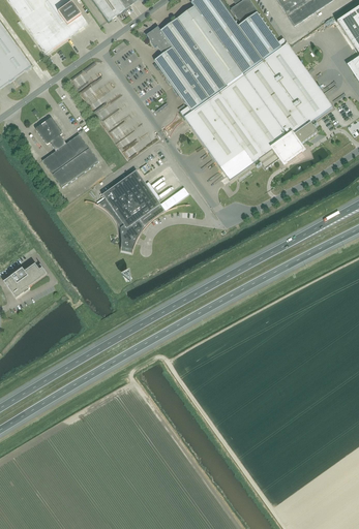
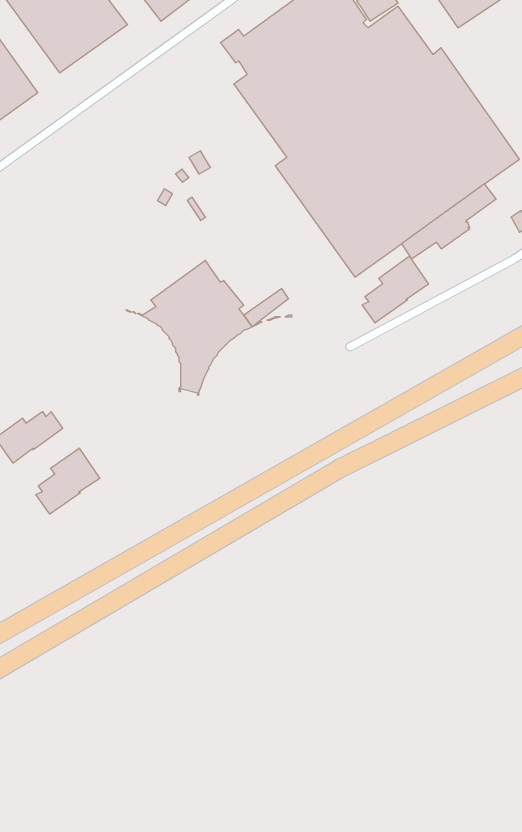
building: [34,116,98,187] -> none
building: none -> [362,256,428,323]
building: none -> [36,448,100,514]

